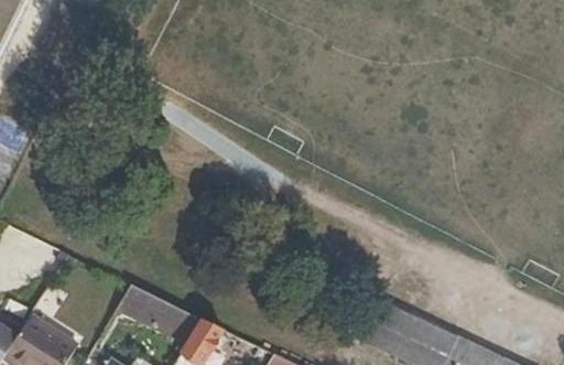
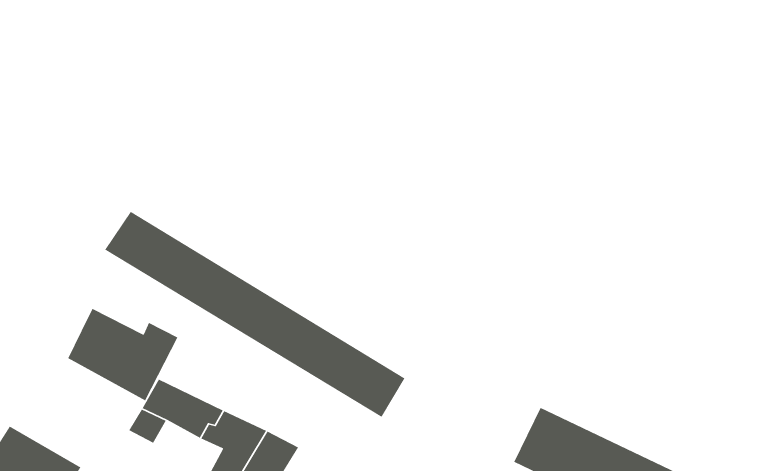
building: none -> [104,211,406,418]
building: none -> [67,308,179,401]

